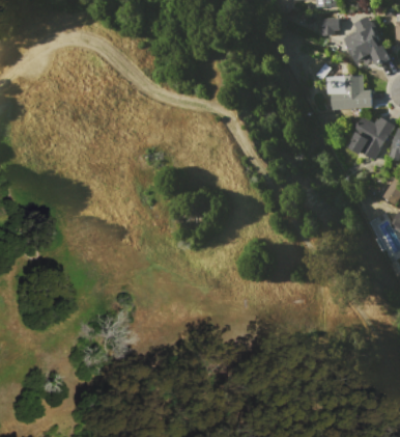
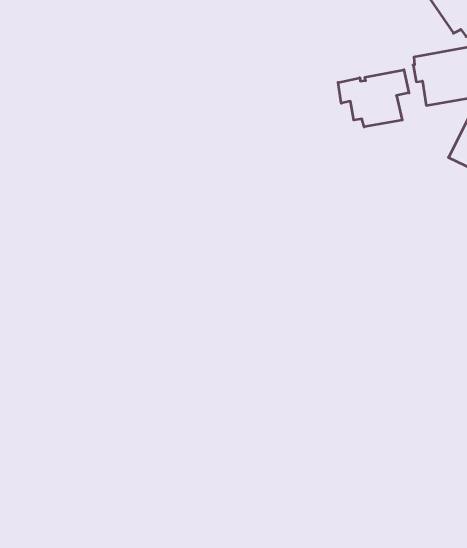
building: none -> [338,70,409,127]

